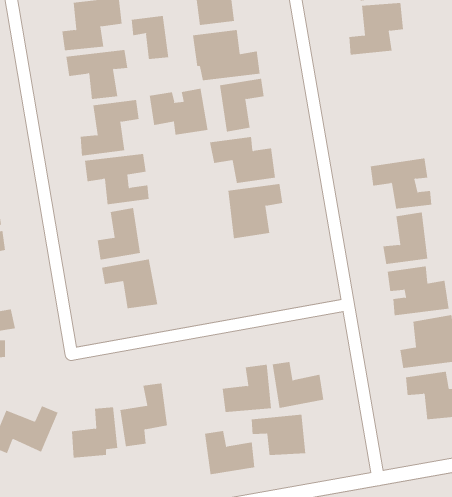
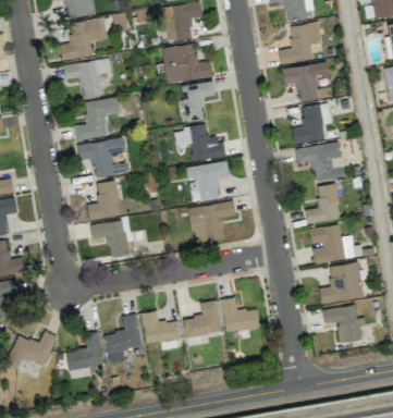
building: [131,15,169,60] -> none
building: none -> [282,62,332,101]
building: [149,88,208,135] -> none
building: none -> [292,102,332,144]
building: none -> [188,201,236,244]
building: [251,414,306,456] -> none
building: [204,431,255,475] -> [142,310,181,344]

